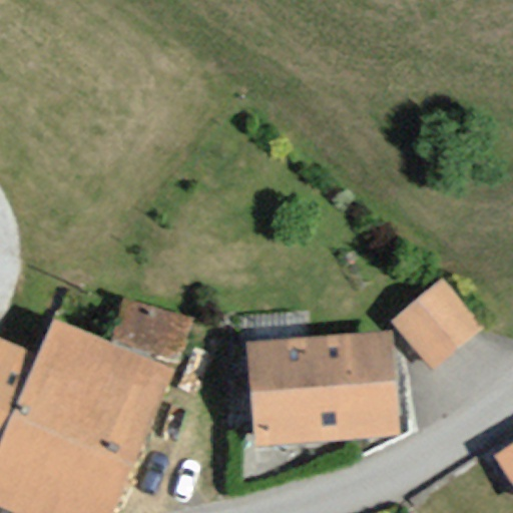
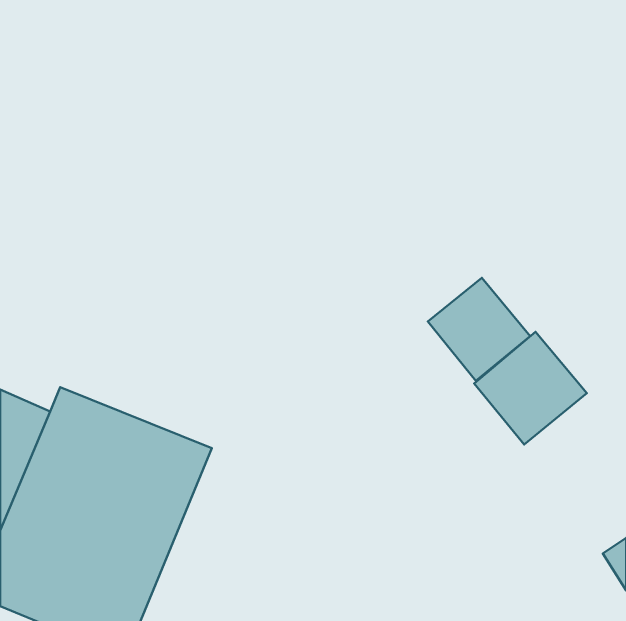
building: none -> [428,278,530,381]
building: [247,336,397,443] -> none

